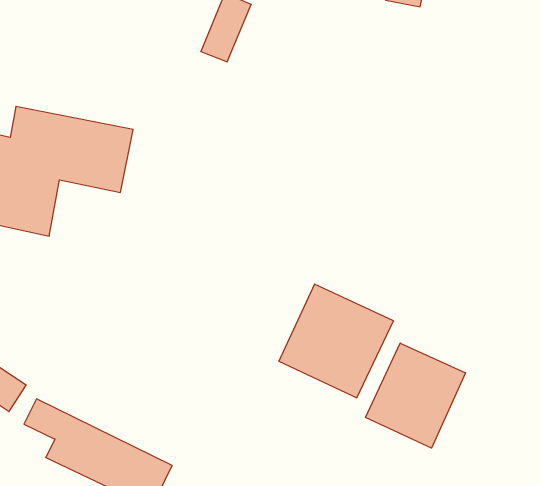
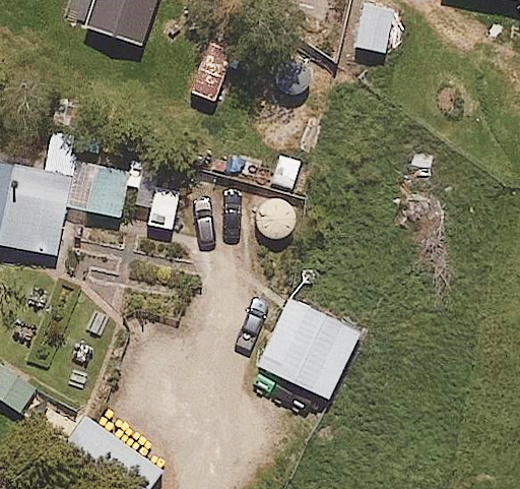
building: [366,343,466,448] -> none

